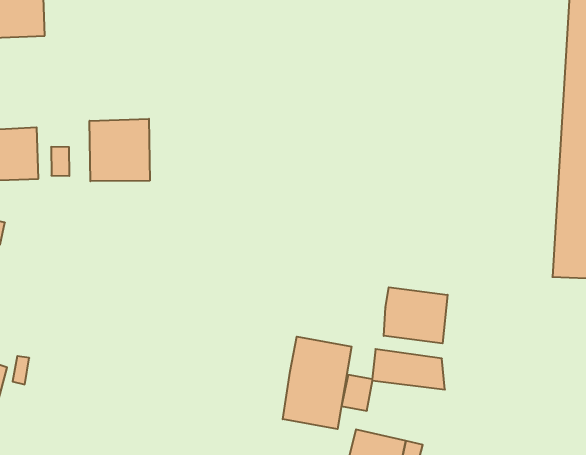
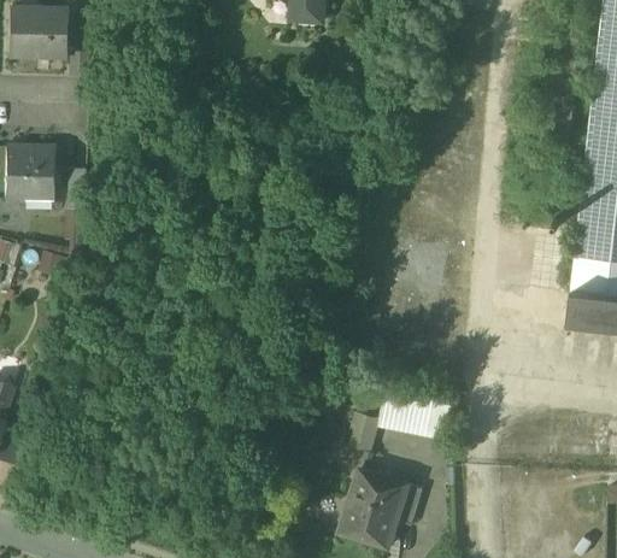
building: [90,119,150,181] -> none
building: [384,287,448,343] -> none
building: [283,337,352,429] -> none

